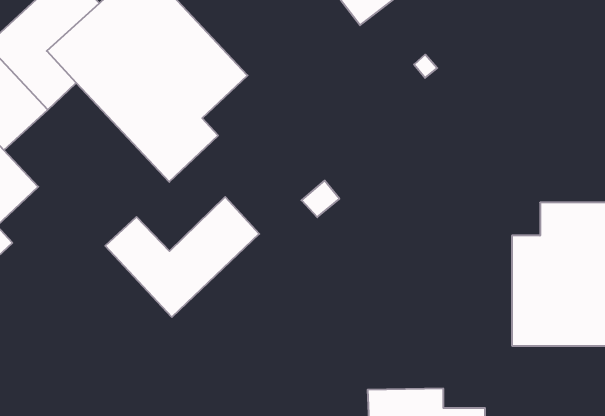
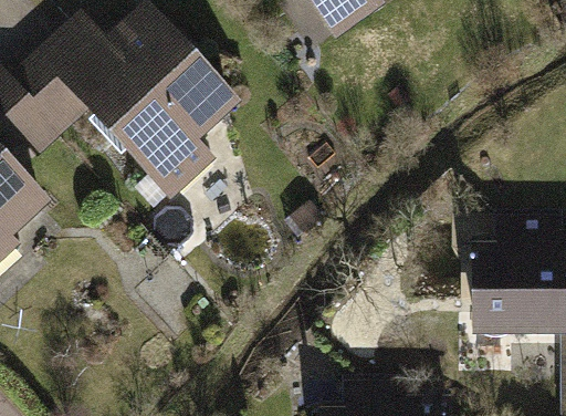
building: [105,197,259,317] -> none

